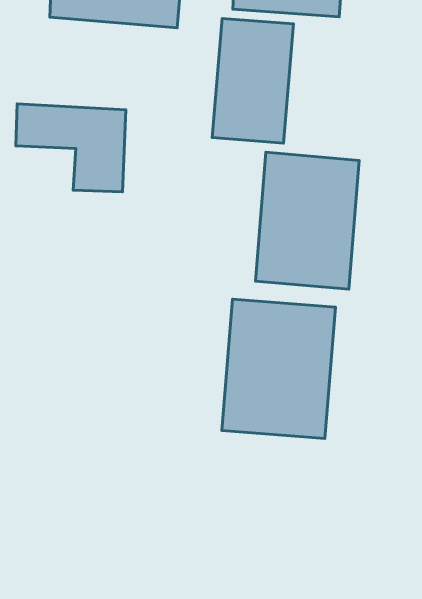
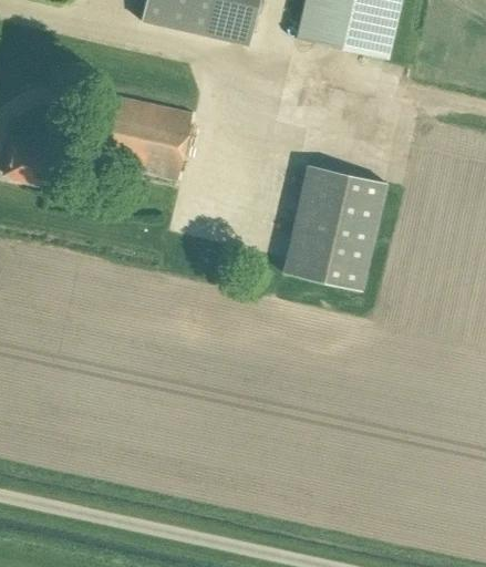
building: [212,18,293,143] -> none
building: [222,299,336,438] -> none

